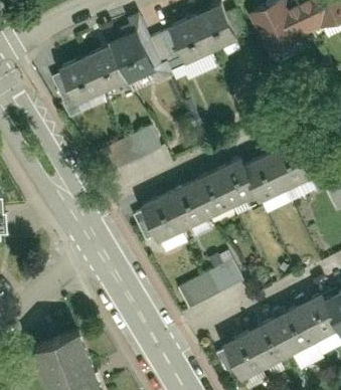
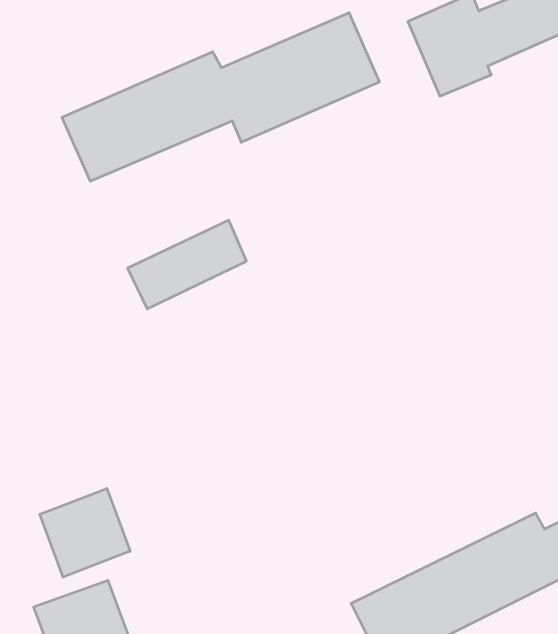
building: [135,145,308,245] -> none
building: [174,252,240,311] -> none
building: none -> [40,488,130,577]

